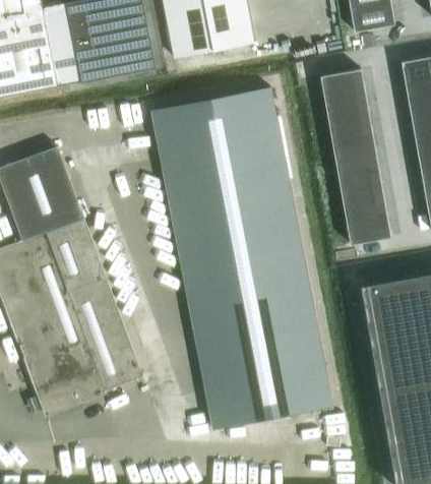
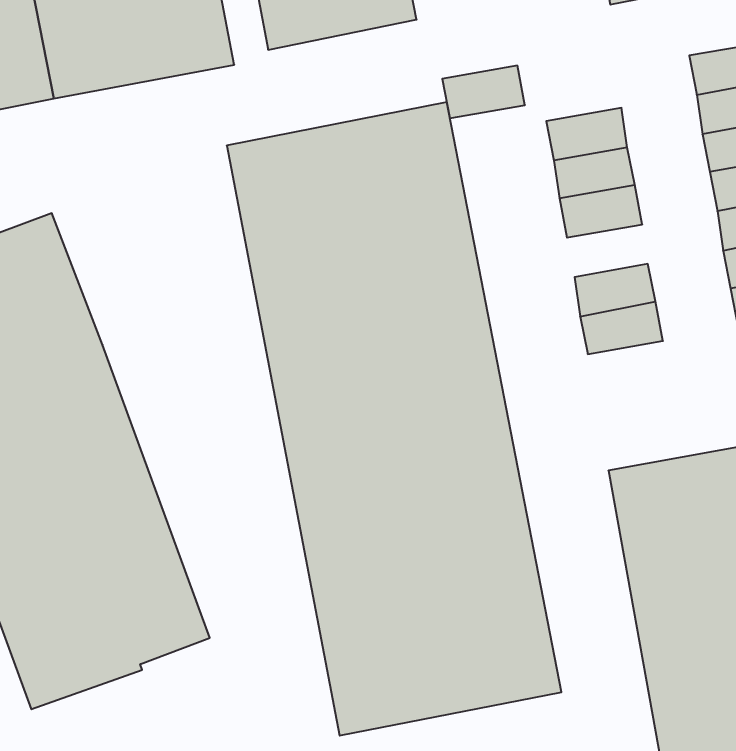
building: [320,68,365,97] -> [442,66,525,118]
building: [335,153,379,181] -> none
building: [347,216,390,244] -> none

